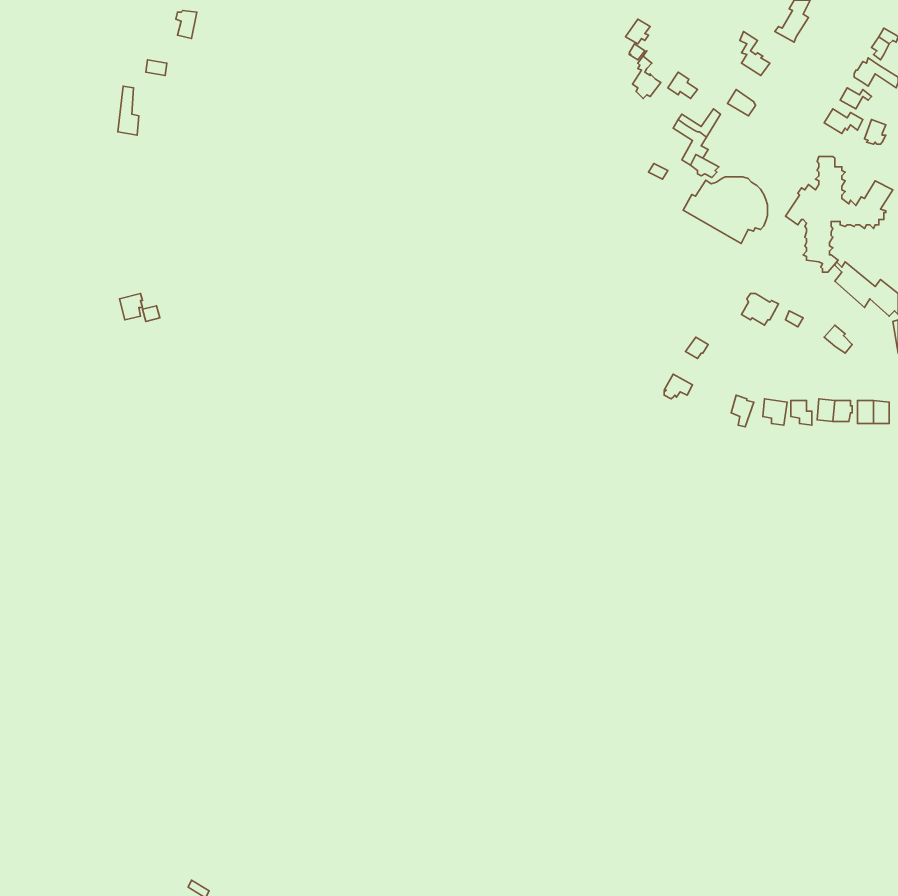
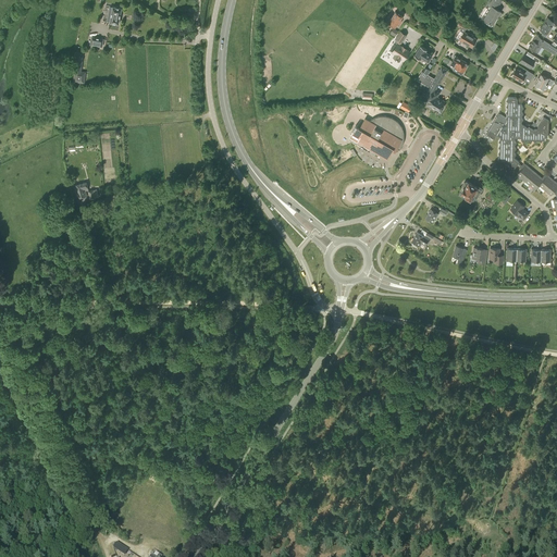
building: [683,177,767,244] -> [351,117,404,159]

